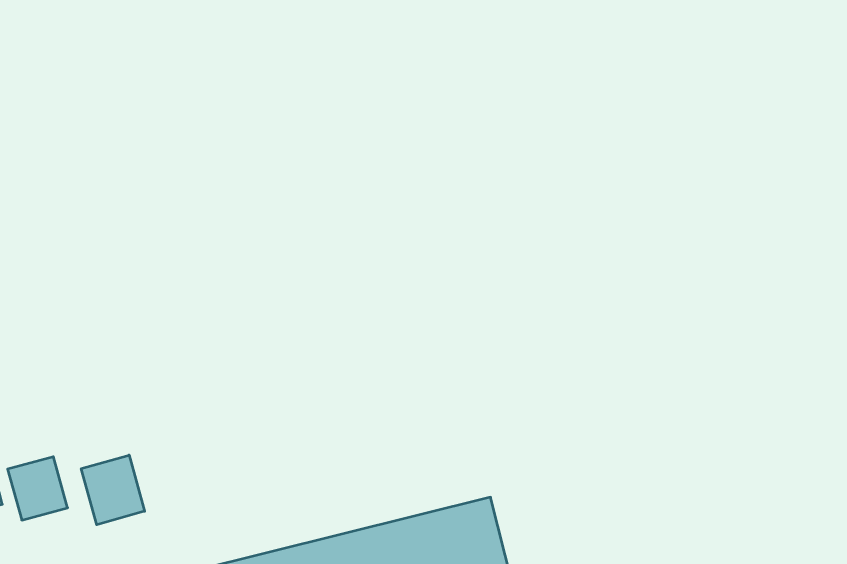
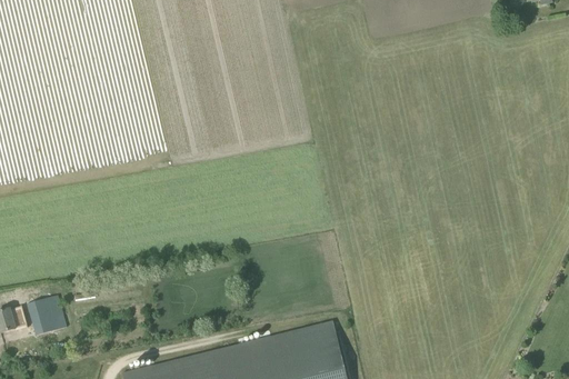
building: [81,455,145,525] -> none

